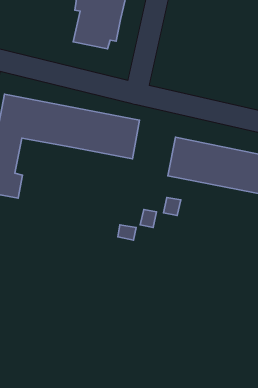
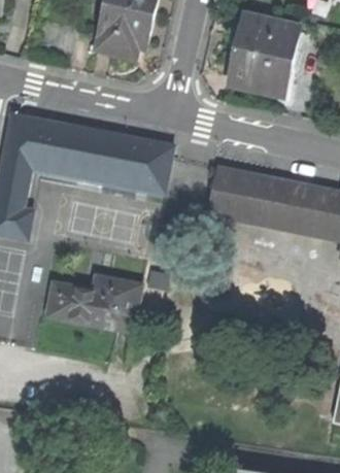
building: none -> [228,19,297,94]
building: none -> [46,276,141,332]

